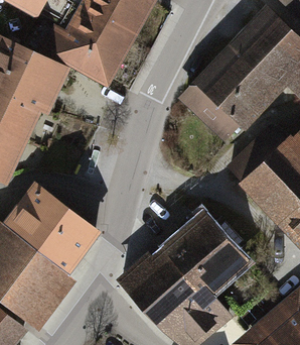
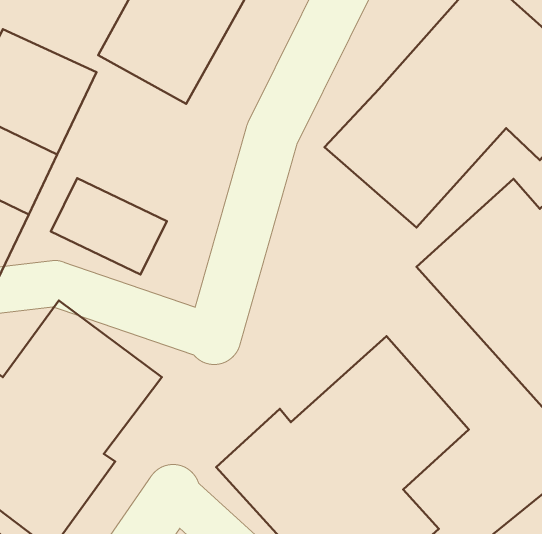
building: none -> [51,178,167,275]

